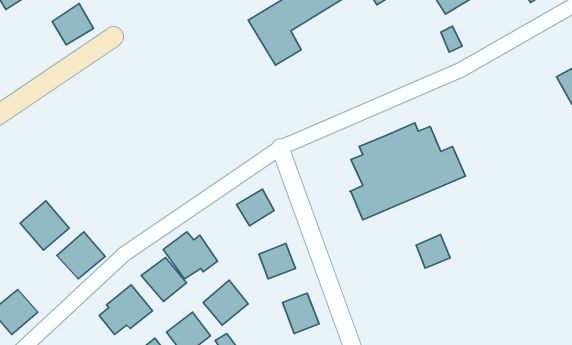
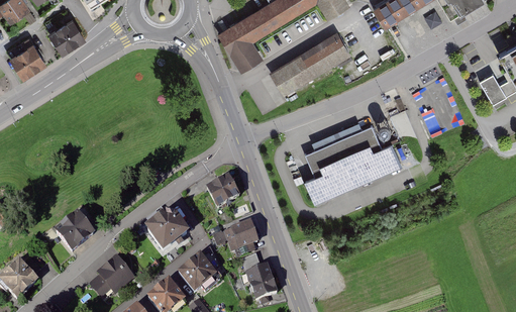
building: none -> [270,29,351,93]
building: none -> [10,41,45,76]
building: [20,201,69,250] -> none
building: [416,234,450,268] -> none
building: [141,257,186,302] -> none

